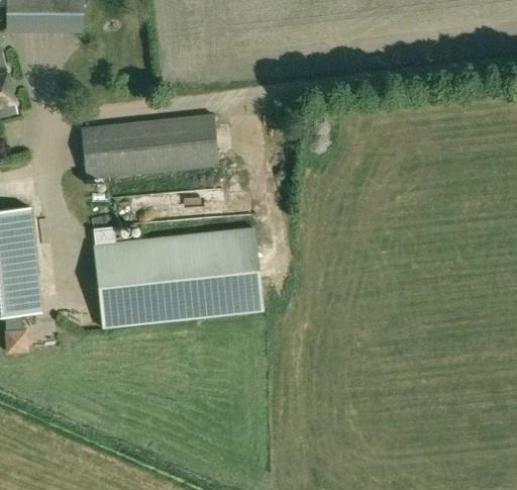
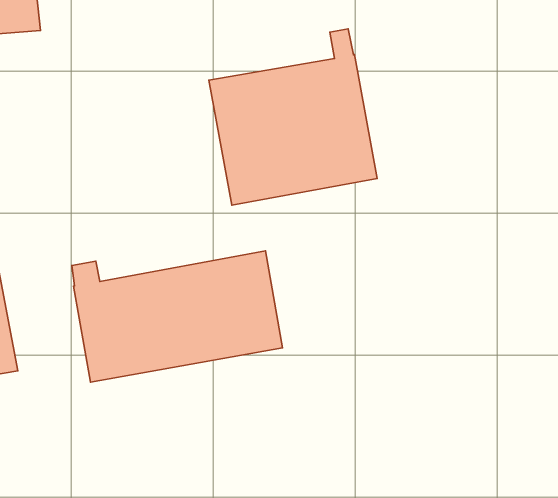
building: none -> [209,29,377,205]
building: [81,115,218,179] -> none

